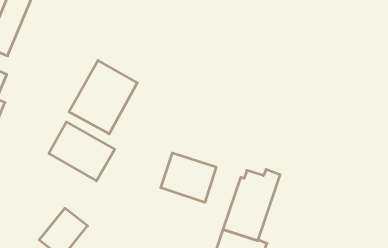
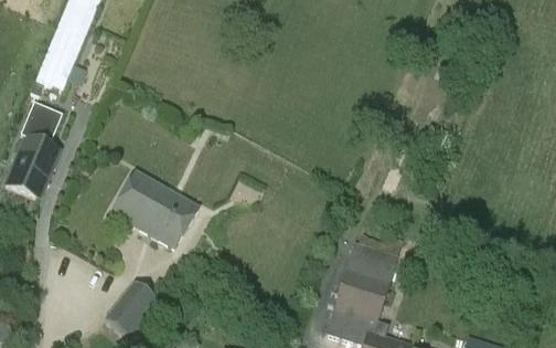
building: [69,60,137,134] -> none
building: [161,153,216,202] -> none

